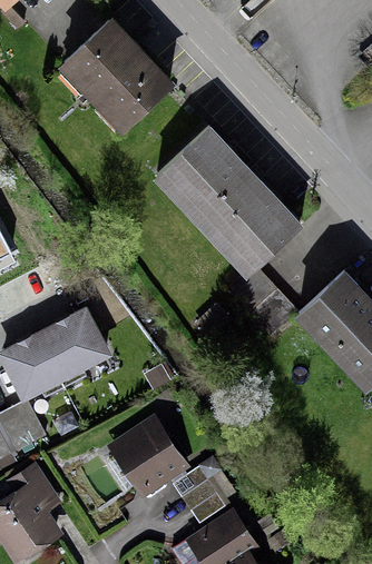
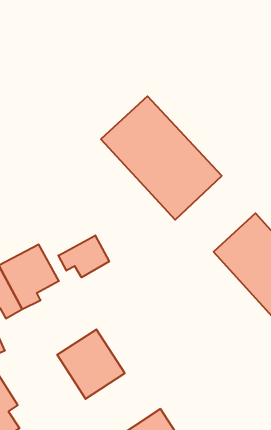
building: [62,20,177,136] -> none
building: none -> [58,235,109,277]
building: [170,467,224,525] -> none

